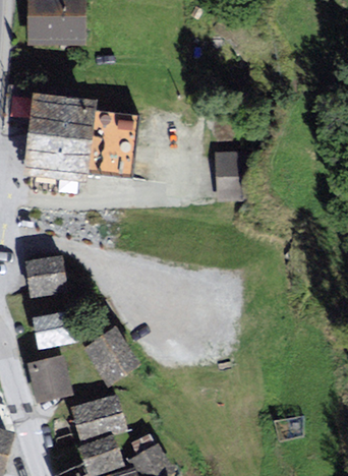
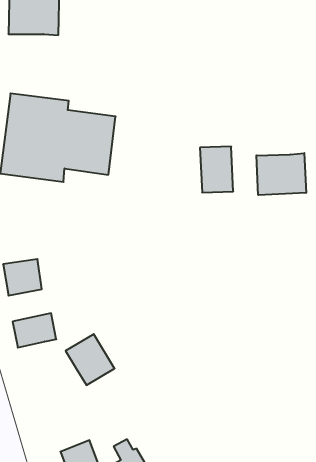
building: none -> [256,153,306,195]
building: [31,356,69,397] -> none
building: [73,394,123,435] -> none

